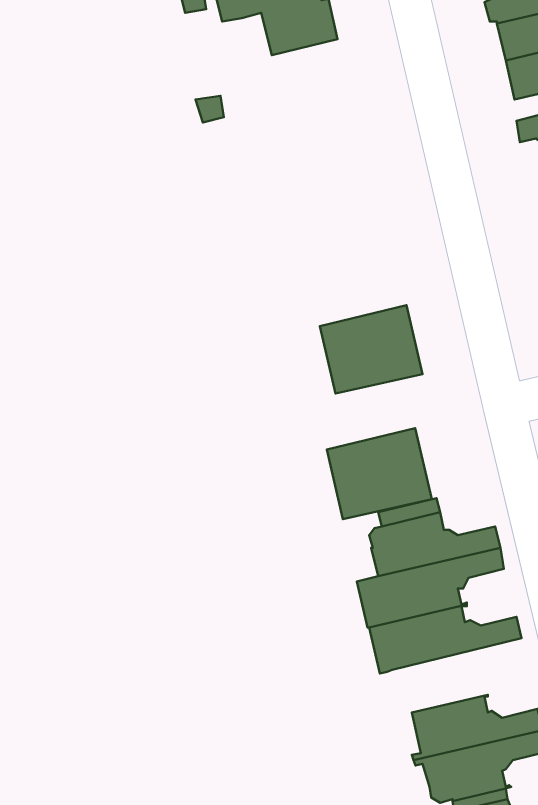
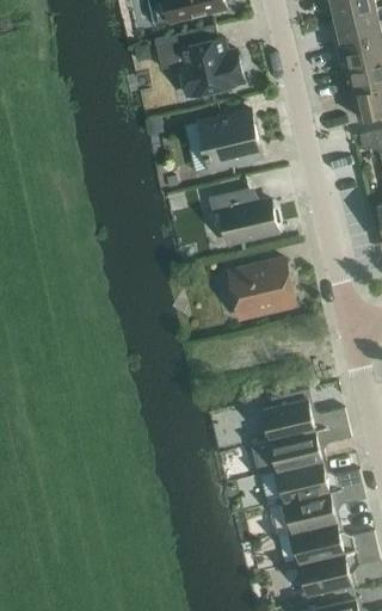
building: none -> [201,115,258,166]
building: none -> [209,192,278,243]
building: [327,428,432,519] -> none
building: none -> [272,483,365,536]

